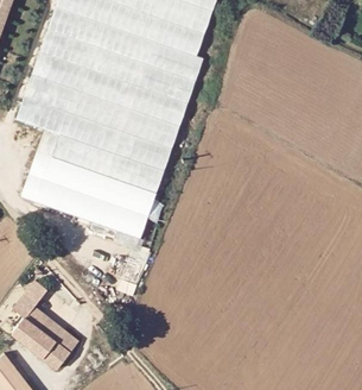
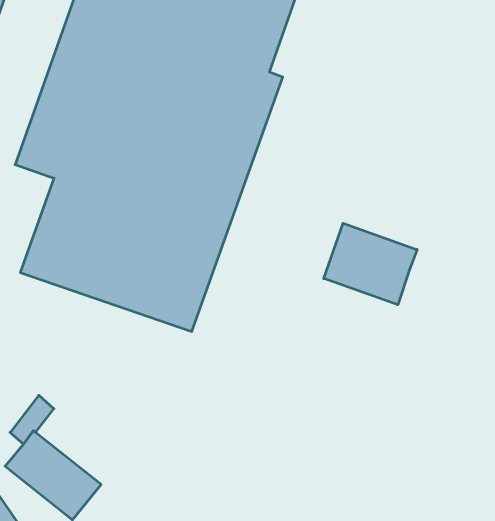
building: none -> [324,223,417,305]

